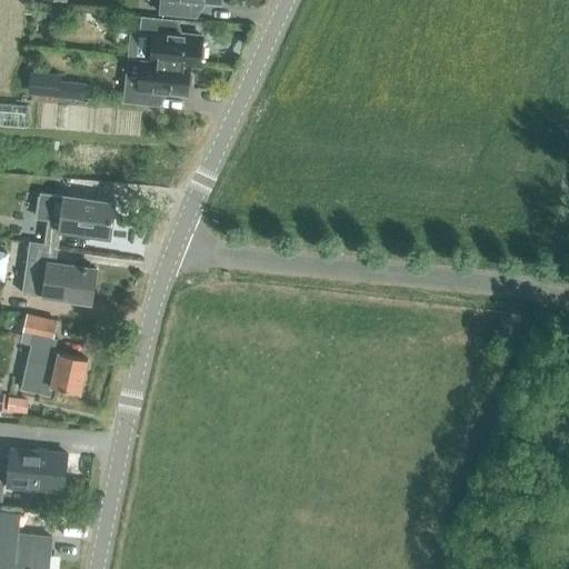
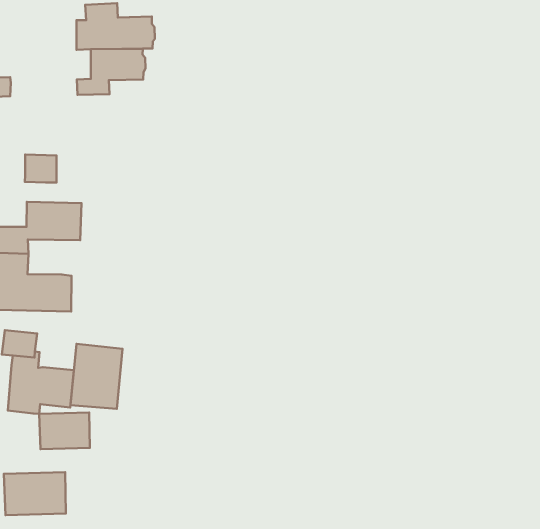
building: none -> [25,155,57,183]
building: none -> [70,344,122,409]
building: none -> [39,412,90,449]

